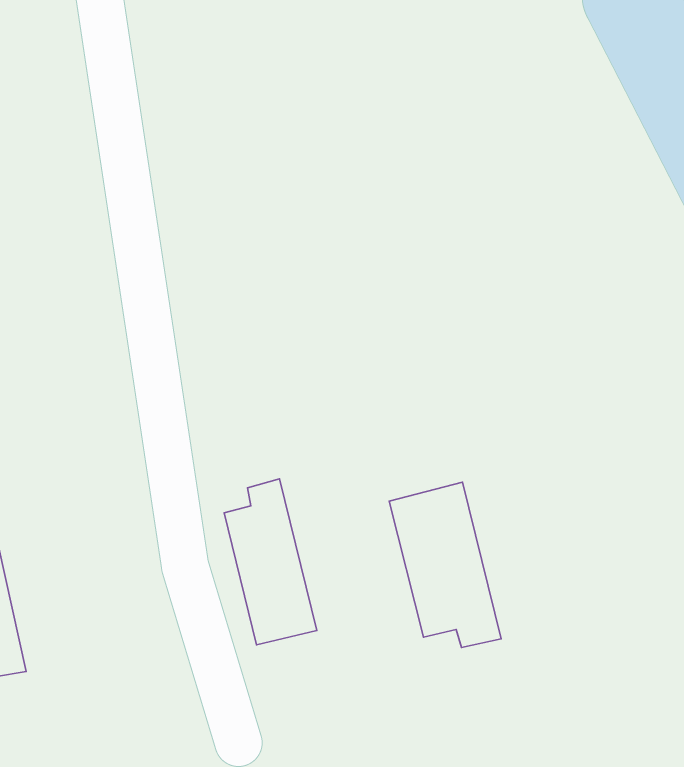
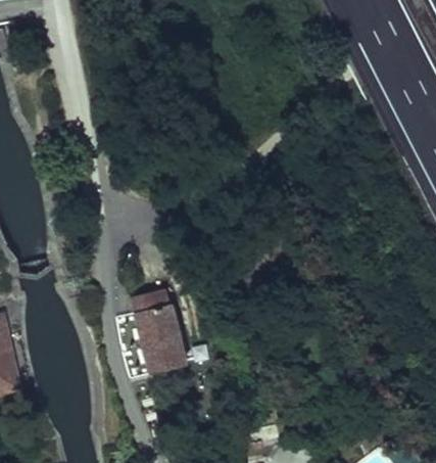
building: [389,482,501,648] -> none

